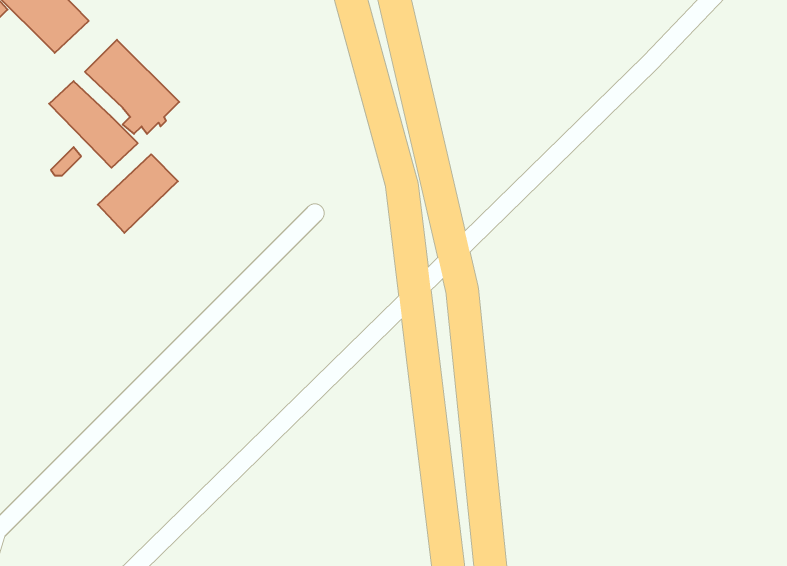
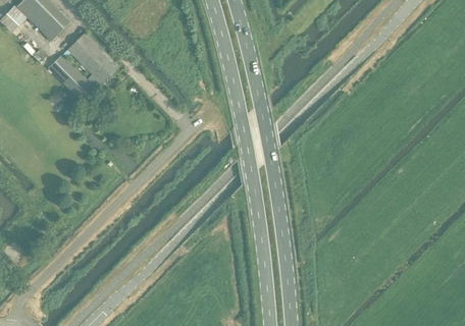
building: [98,154,178,233] -> none

